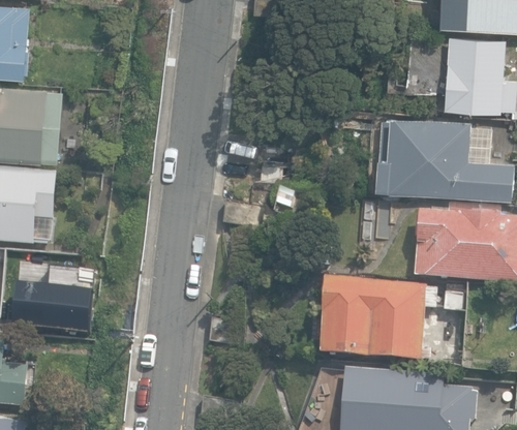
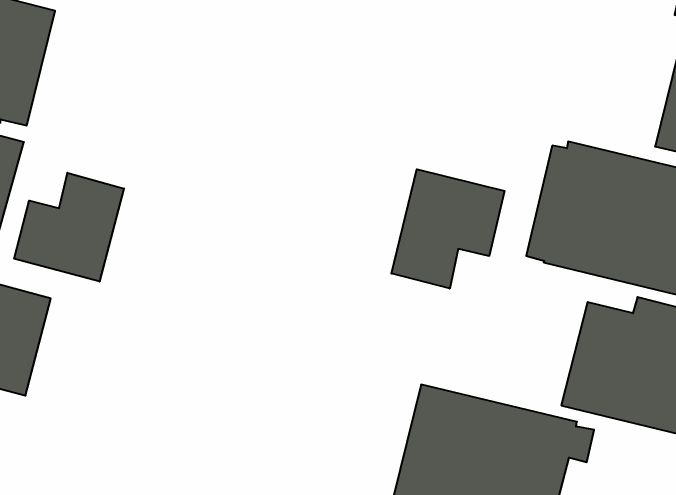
building: none -> [391,169,505,289]
building: none -> [14,173,124,282]

